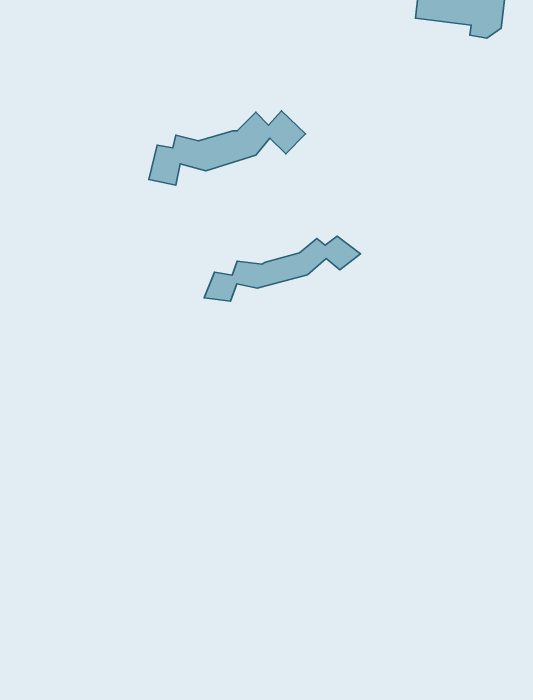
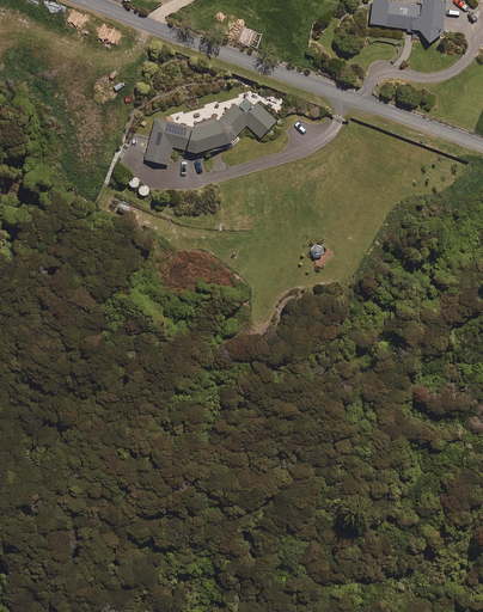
building: [204,236,361,301] -> none

